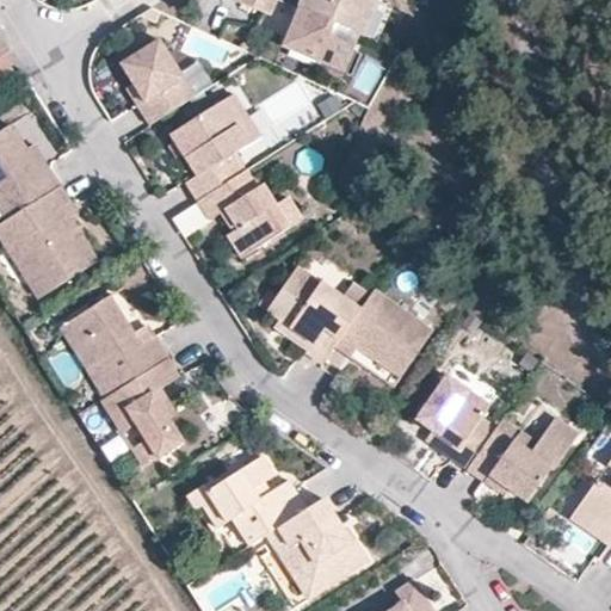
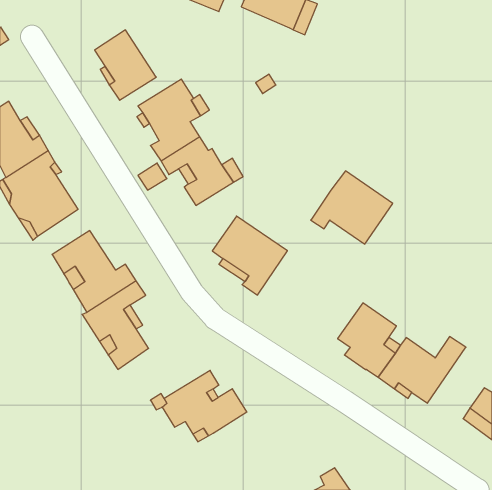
building: [280,8,358,74] -> none
building: [331,286,432,377] -> [311,171,393,244]
building: [264,500,368,598] -> none

